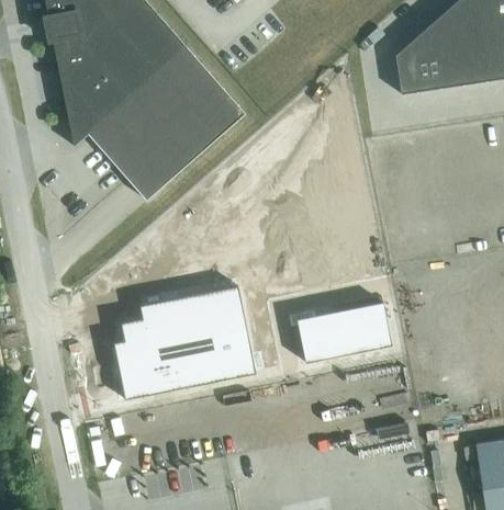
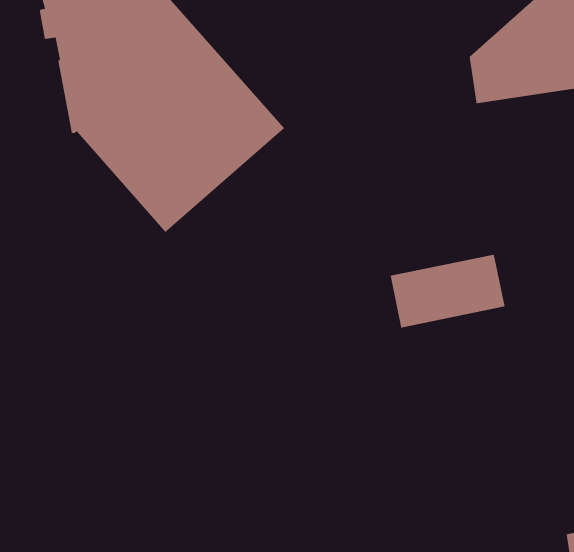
building: [113,286,255,399] -> none
building: [296,303,391,363] -> [390,254,505,328]

